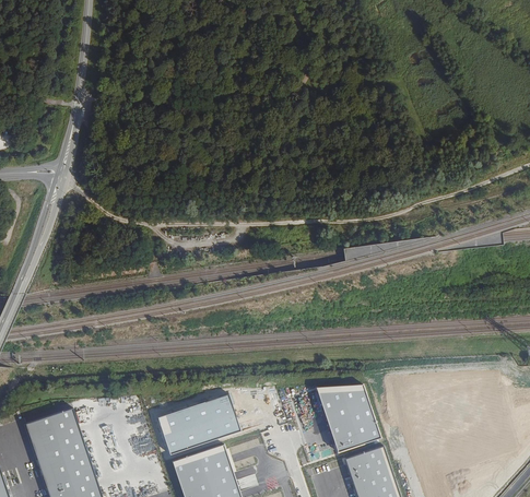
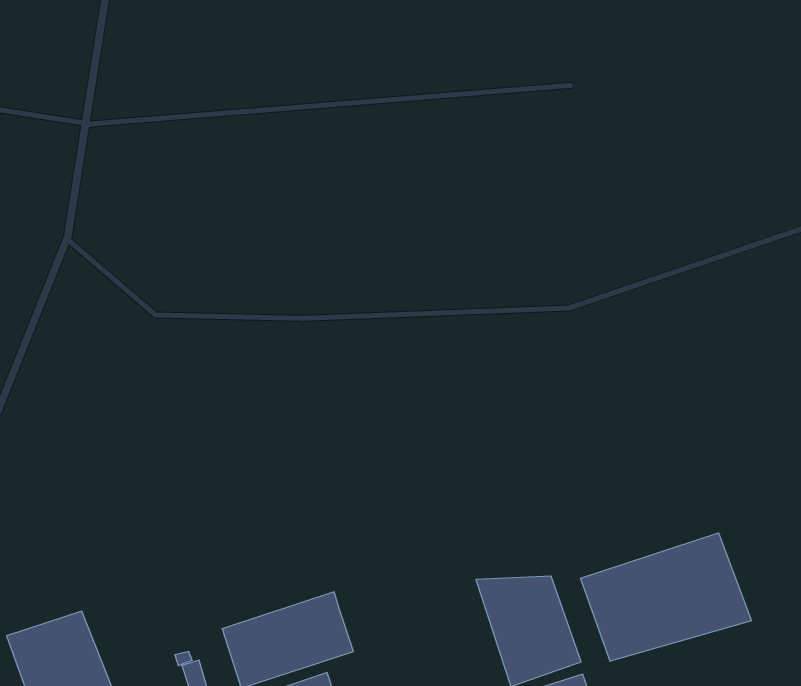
building: none -> [580,533,751,661]

